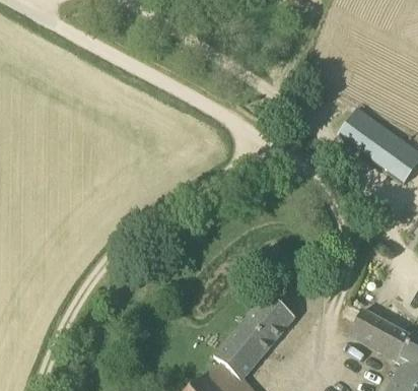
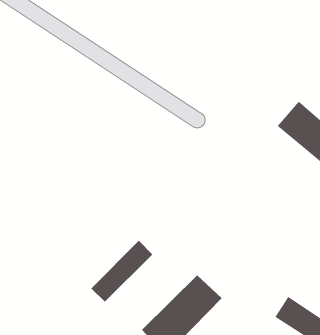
building: none -> [90,240,153,302]

